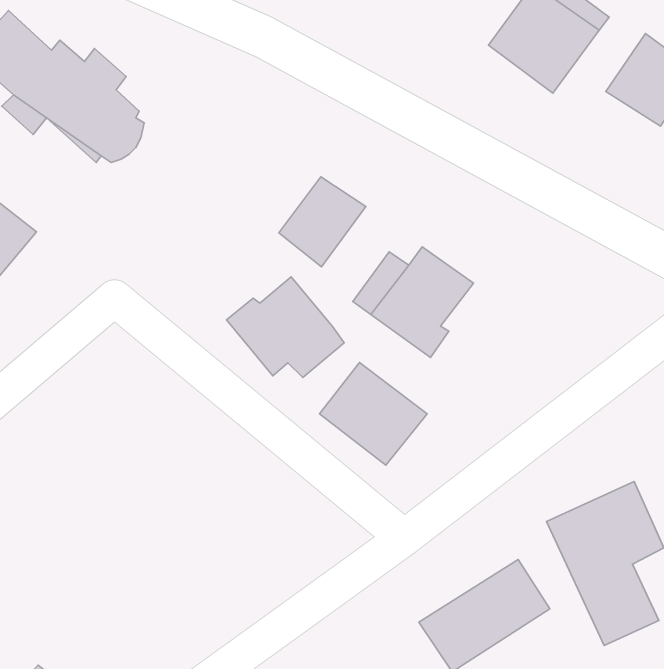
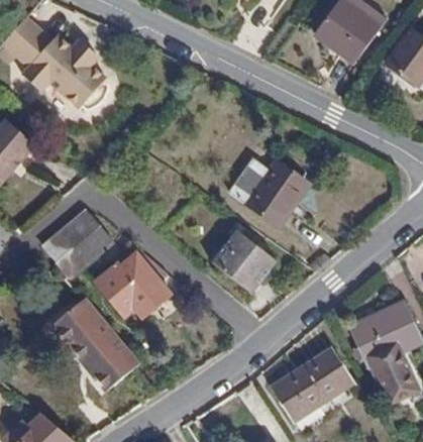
building: [279,177,366,267] -> none
building: [227,277,344,378] -> [97,253,169,315]
building: none -> [41,209,111,279]
building: none -> [52,299,136,388]

